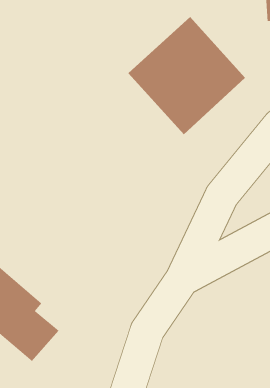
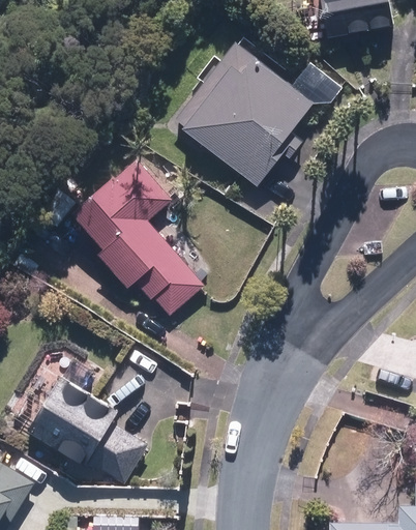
building: none -> [78,157,203,316]

